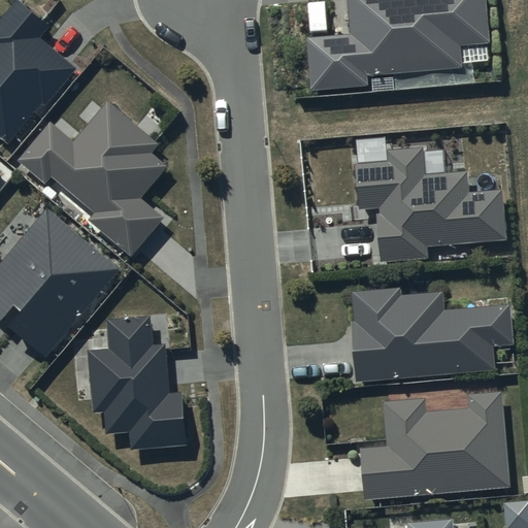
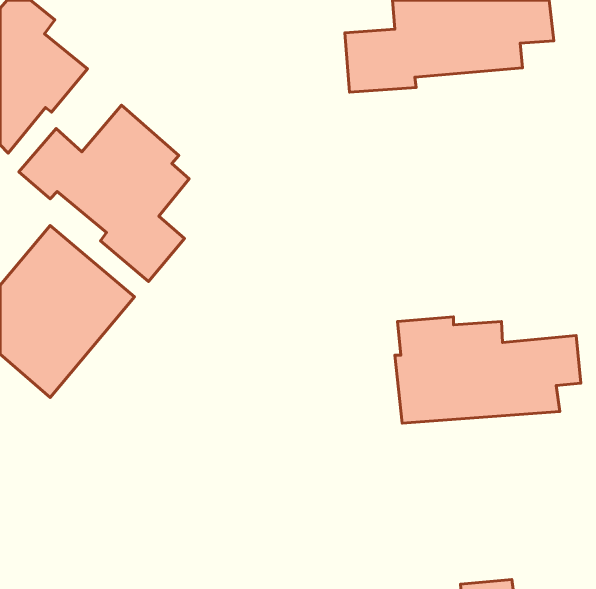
building: [354,146,506,262] -> none
building: [88,316,188,450] -> none
building: [359,392,509,499] -> none

